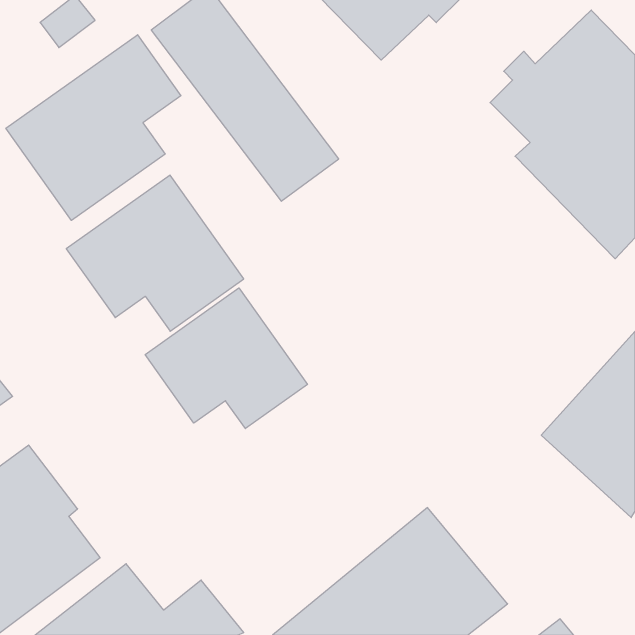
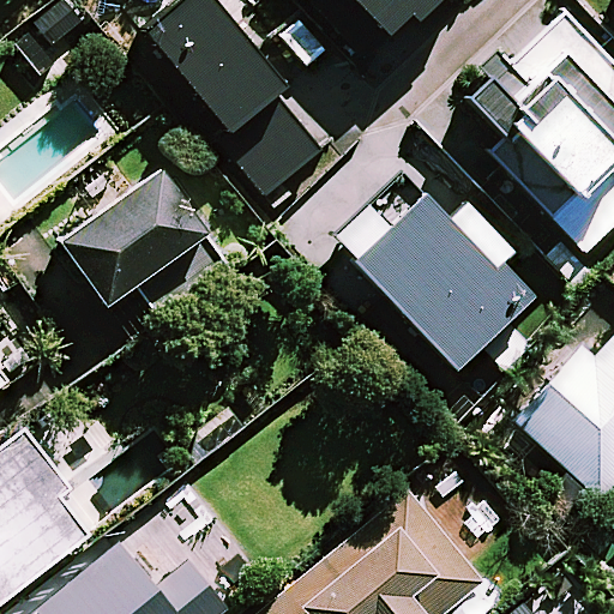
building: [6,35,181,220] -> none
building: none -> [333,194,528,369]
building: [145,288,307,429] -> none

